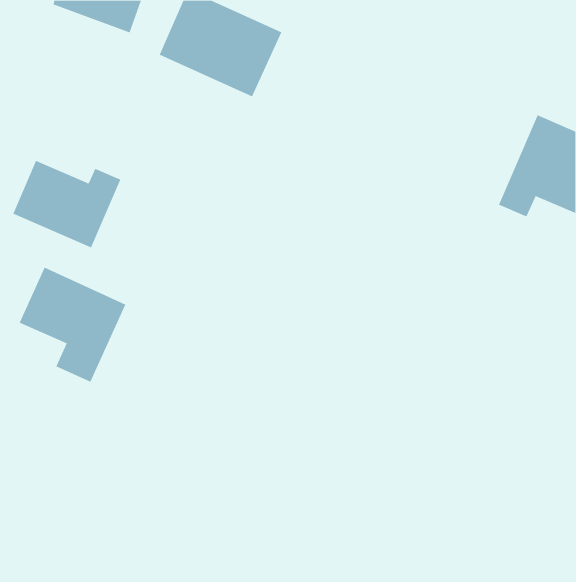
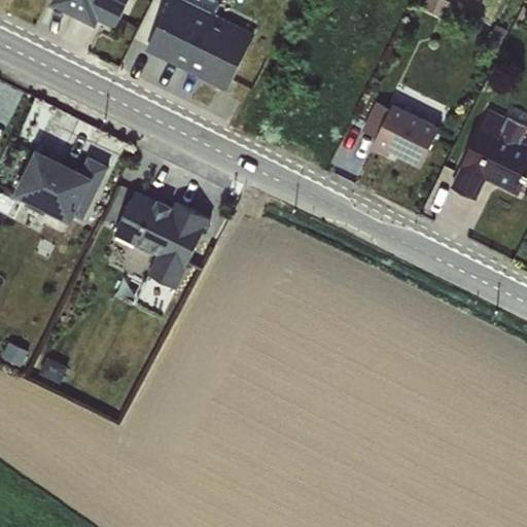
building: none -> [370,102,437,167]
building: [19,267,126,382] -> [112,183,209,287]

